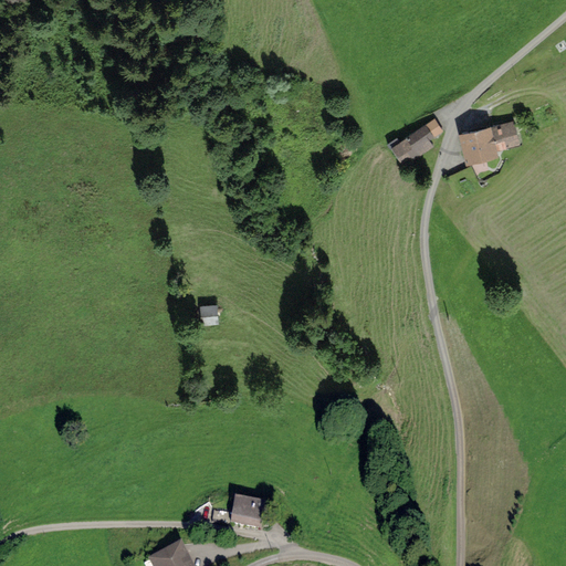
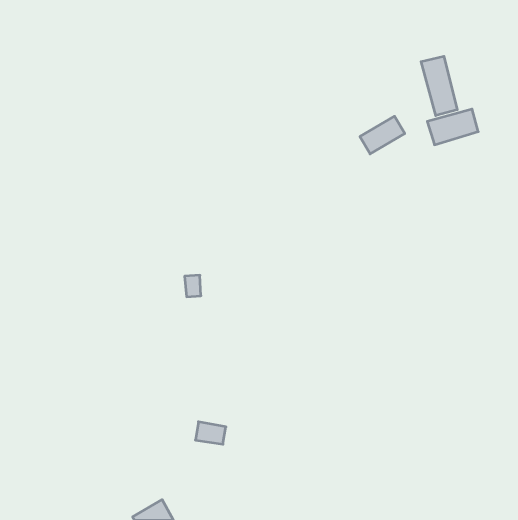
building: none -> [421,56,457,116]
building: [229,501,262,525] -> [195,422,226,444]

